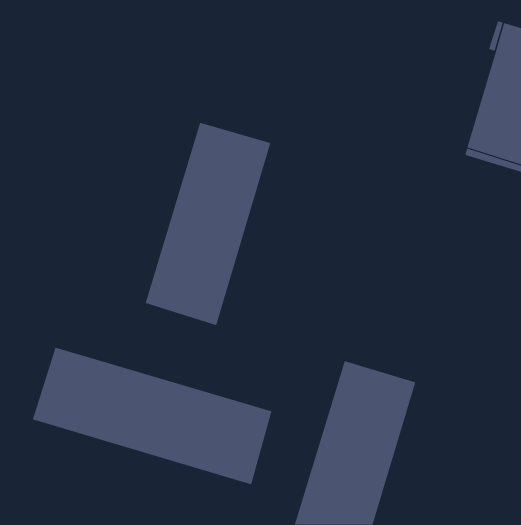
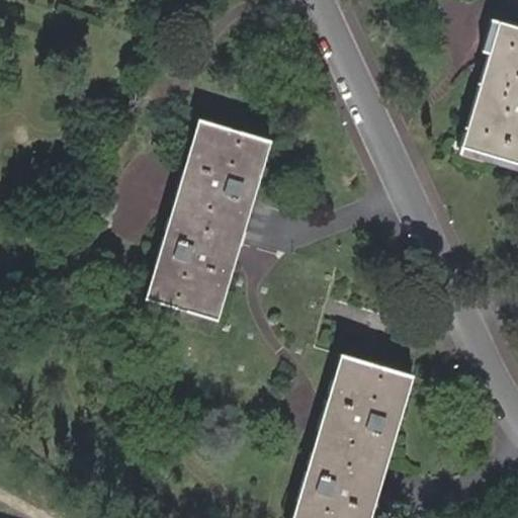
building: [32,347,272,485] -> none

